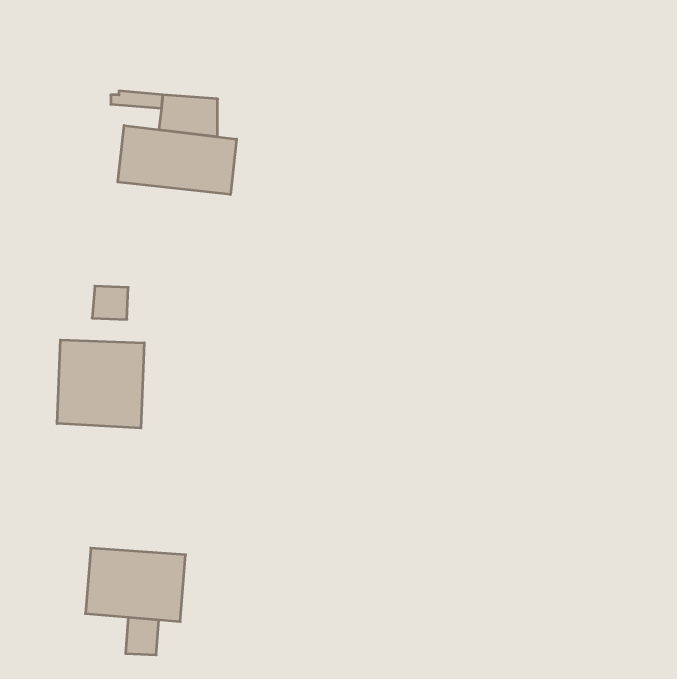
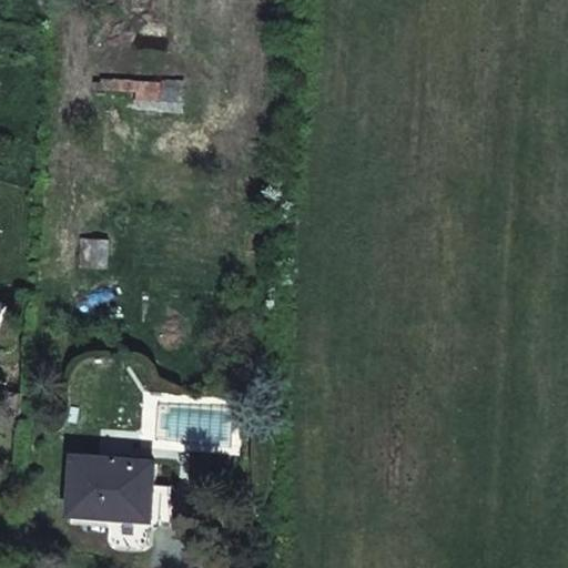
building: [118,125,237,195] -> none
building: [57,340,144,428] -> none

